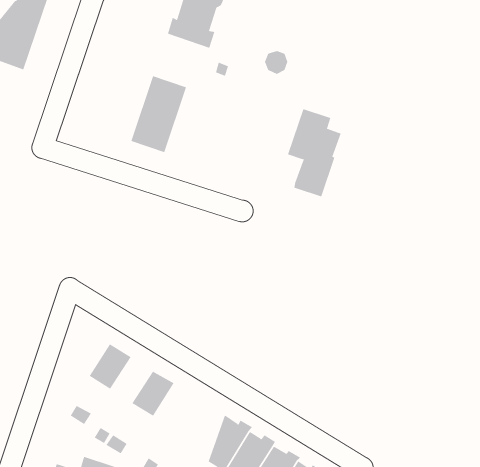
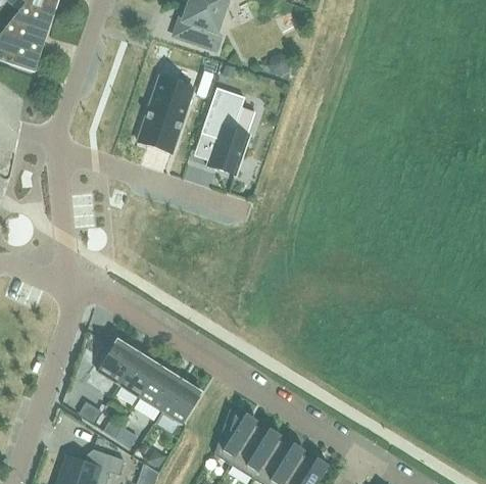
building: [287,109,342,197] -> [201,88,254,175]
building: none -> [118,352,159,397]
building: none -> [160,378,201,424]

